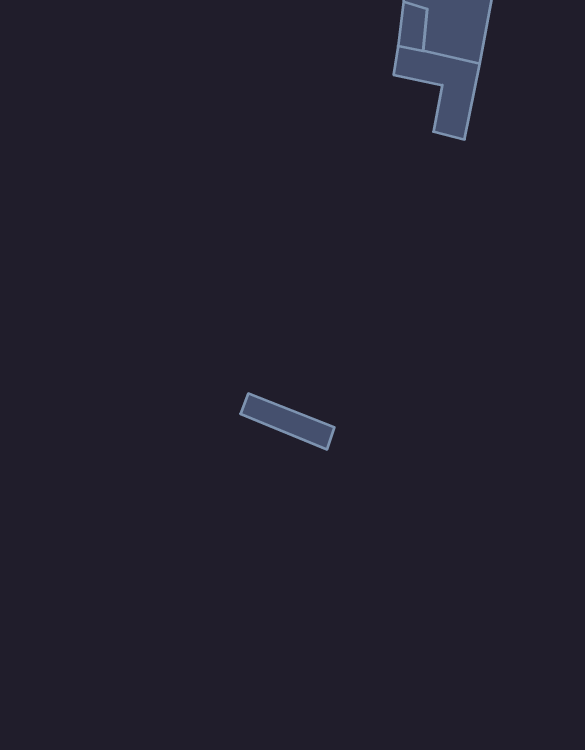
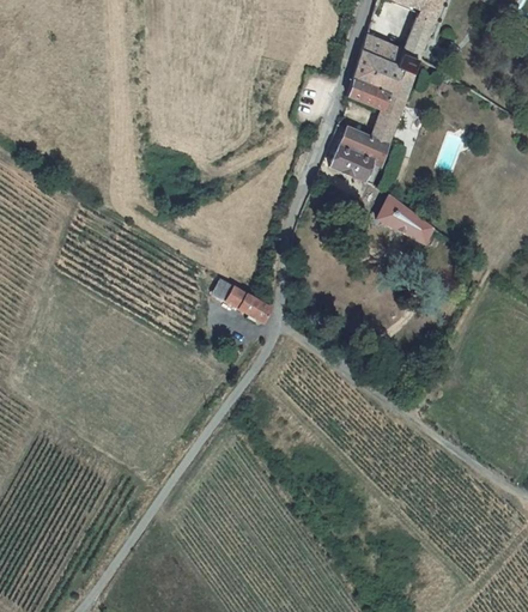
building: none -> [332,131,388,182]
building: none -> [381,195,435,242]

